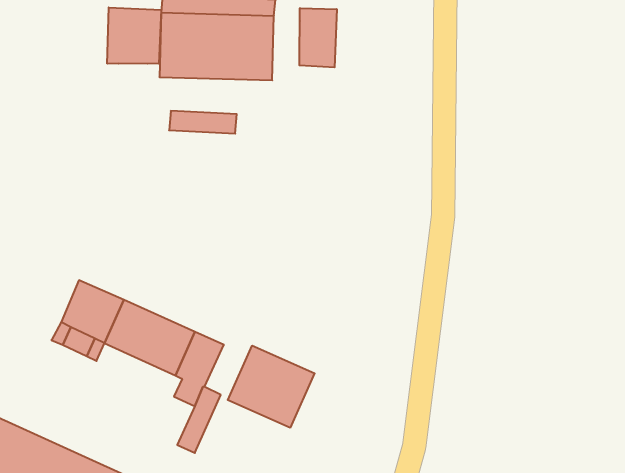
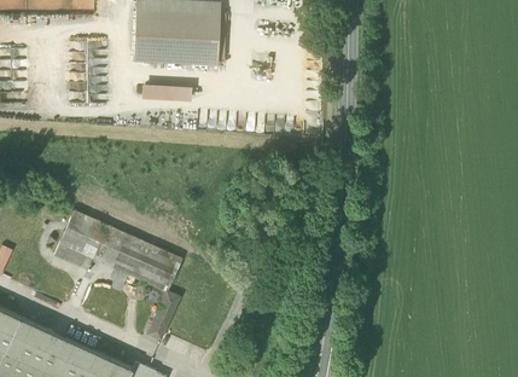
building: [107,7,161,64] -> none
building: [299,8,337,67] -> none
building: [228,346,315,428] -> none

